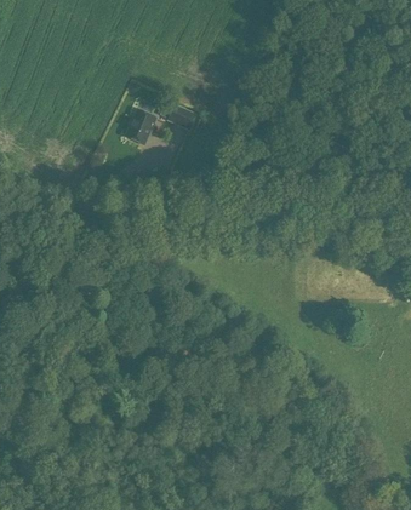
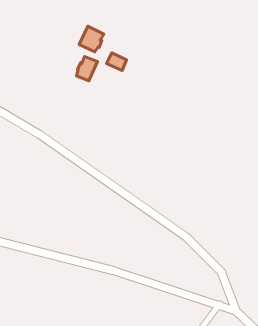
building: none -> [79,26,104,52]

